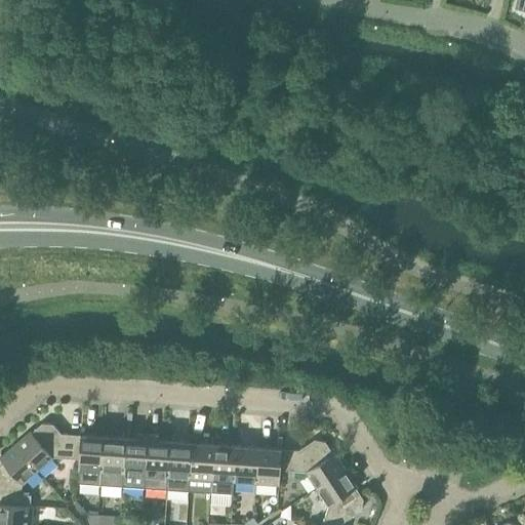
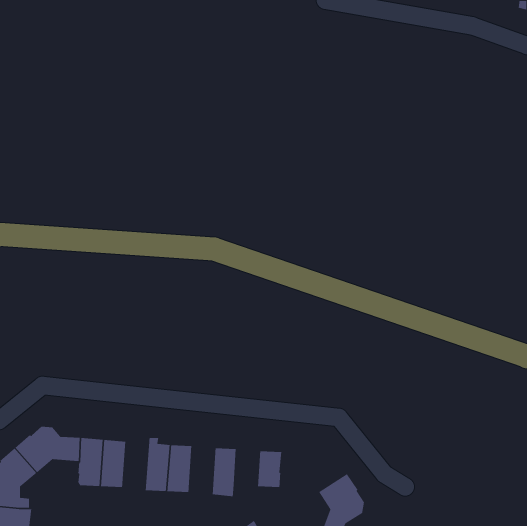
building: [121,435,148,489] -> none
building: [278,441,345,490] -> none
building: [188,444,213,493] -> none
building: [233,447,257,485] -> none

